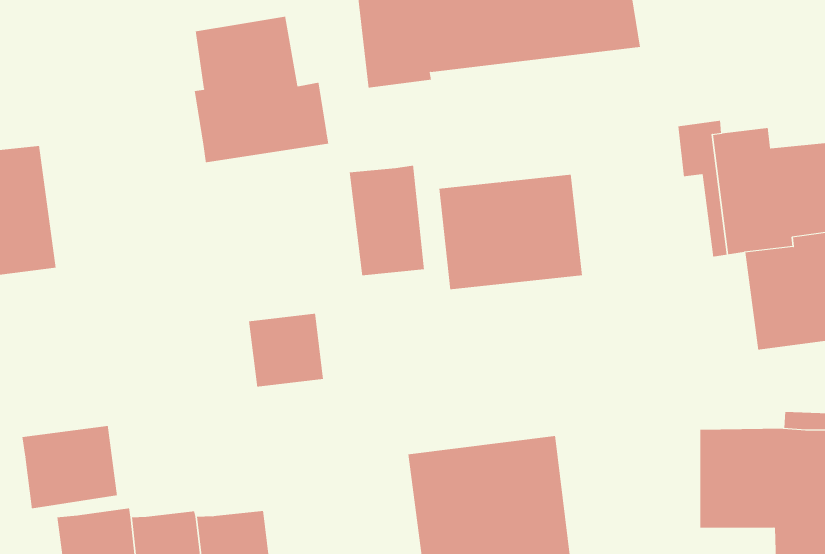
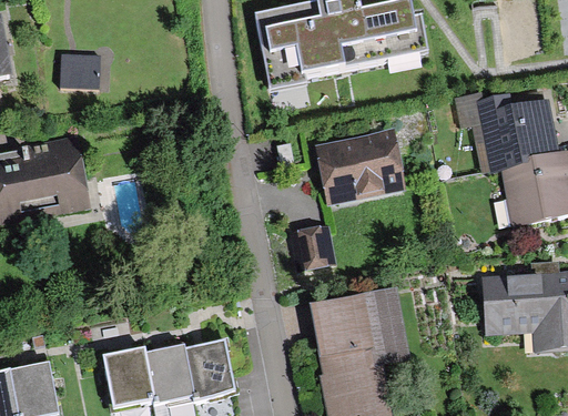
building: none -> [62,55,100,89]
building: [194,16,329,163] -> none
building: [349,165,425,276] -> none
building: [248,313,324,387] -> [290,225,337,272]
building: [22,425,117,509] -> none

